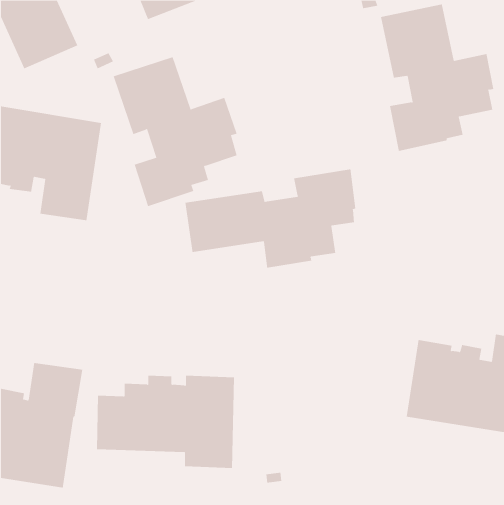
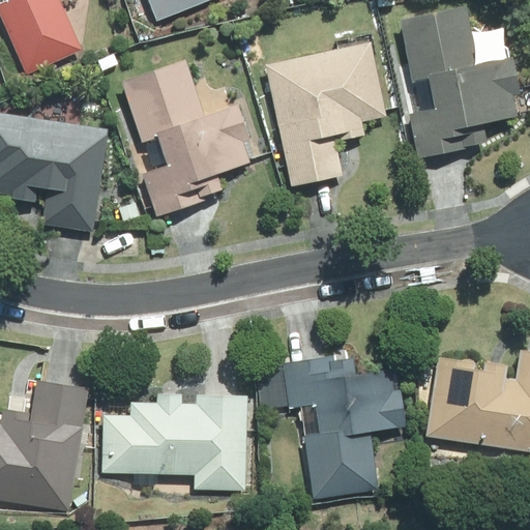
building: none -> [264,41,385,186]
building: [185,169,356,269] -> none
building: none -> [283,354,406,497]

